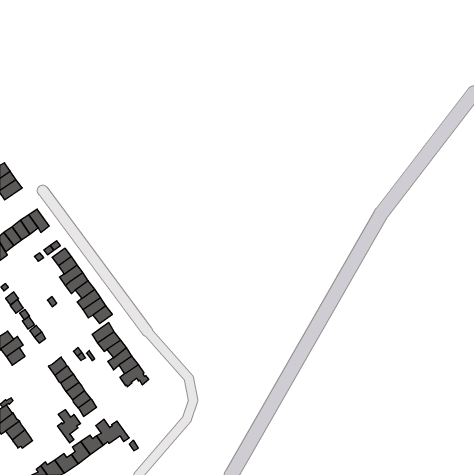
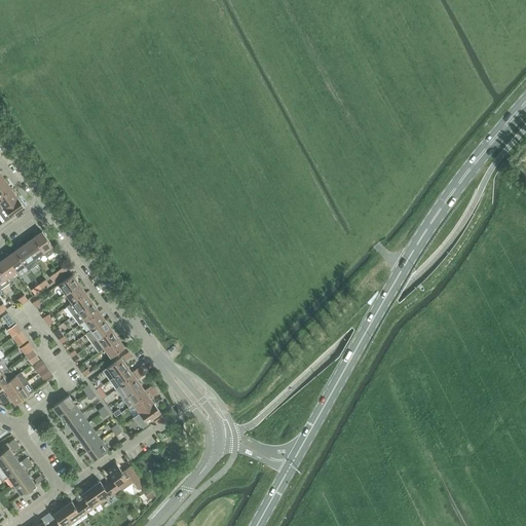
building: [58,410,81,443] -> none

